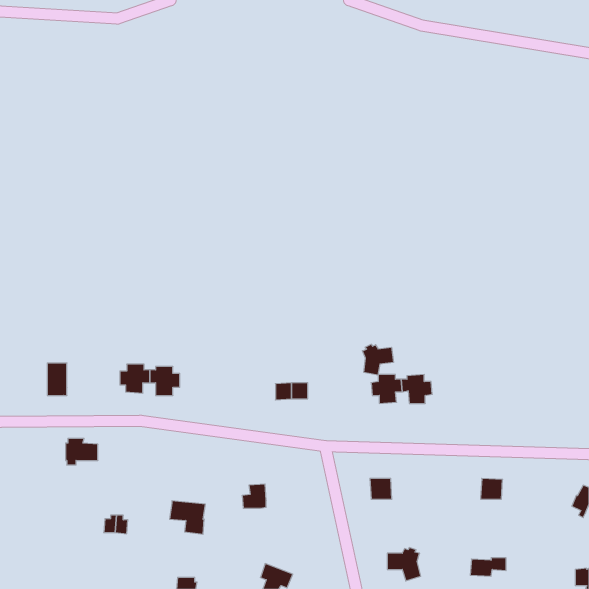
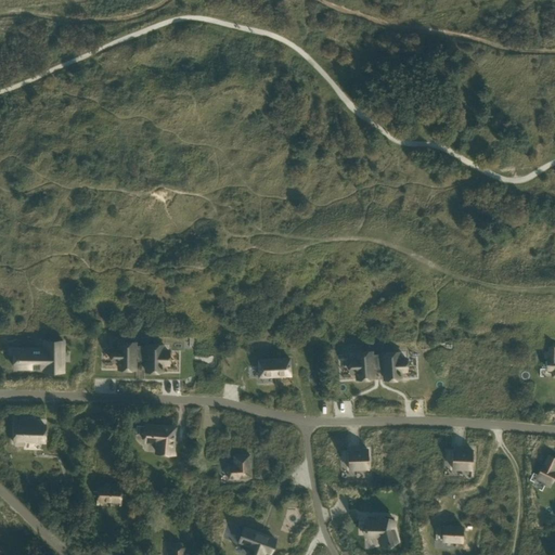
building: [362,344,393,375] -> none
building: none -> [14,349,44,369]
building: [66,438,98,465] -> [14,421,44,446]
building: [170,501,205,534] -> [143,424,177,455]

